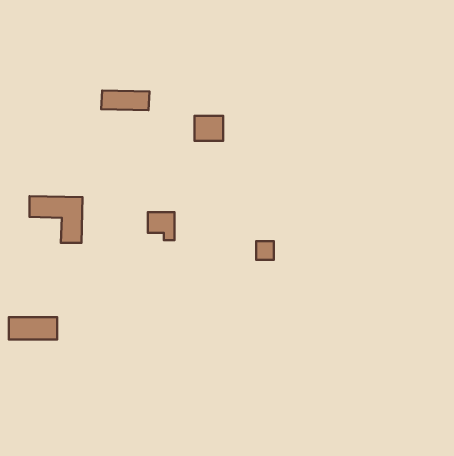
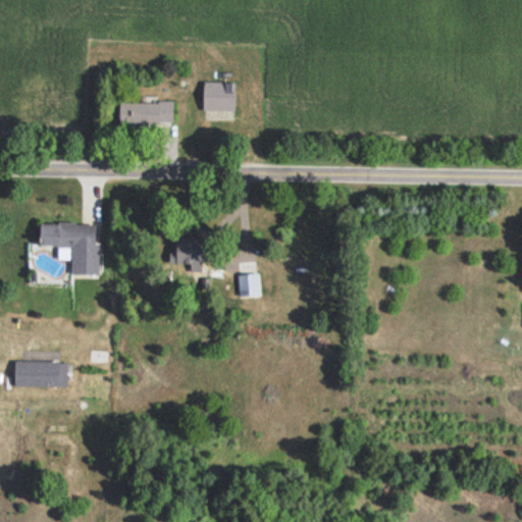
building: [194,116,223,141] -> [203,83,236,111]
building: [256,241,274,260] -> [241,275,261,297]

